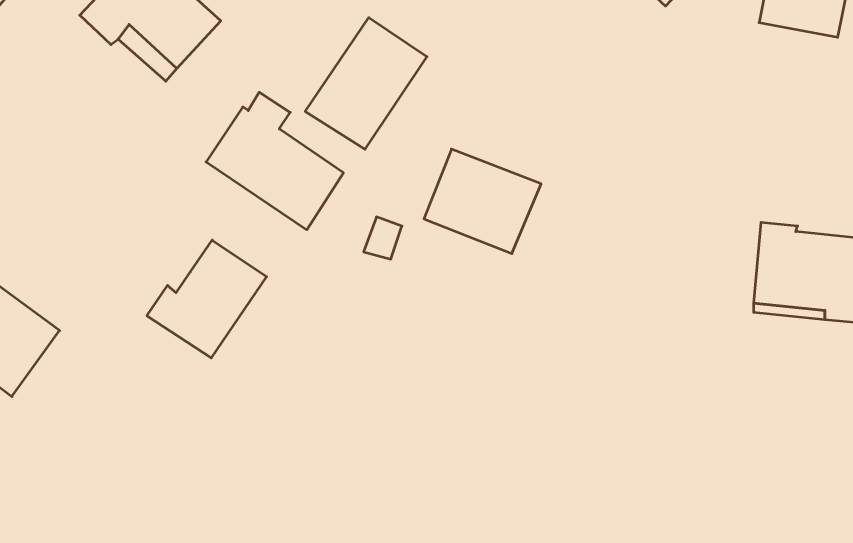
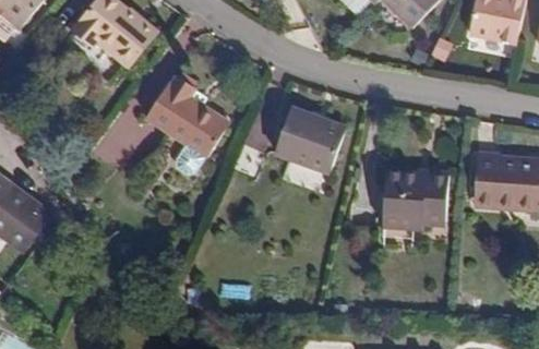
building: [305,18,427,149] -> none
building: [147,240,267,358] -> none
building: none -> [378,169,446,234]

